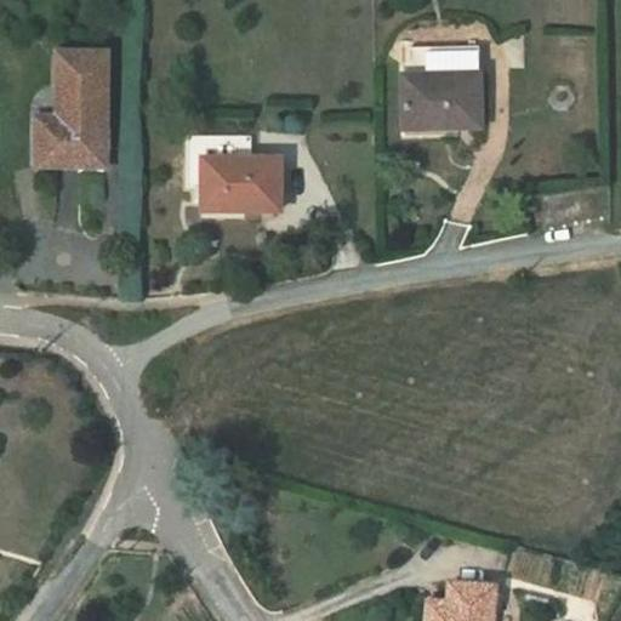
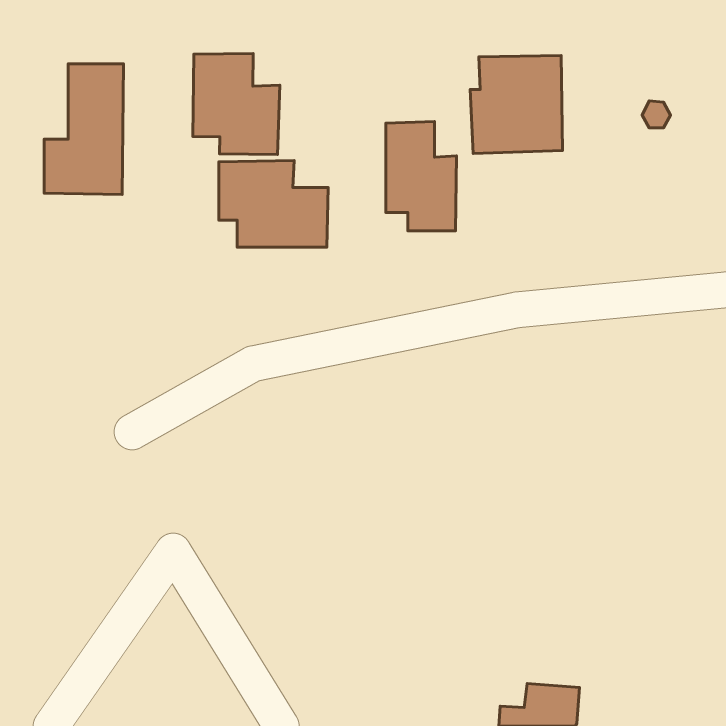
building: none -> [193,53,280,154]
building: none -> [386,122,457,231]

